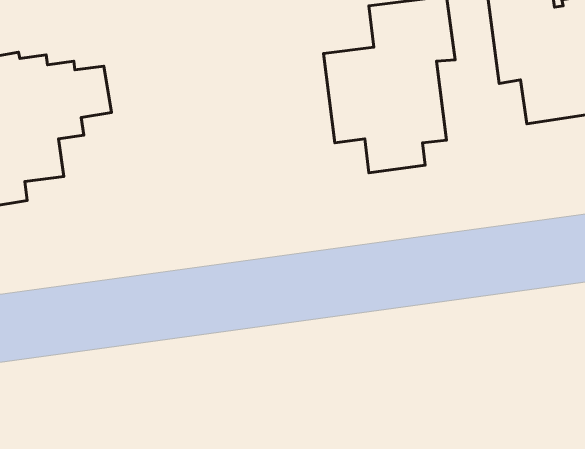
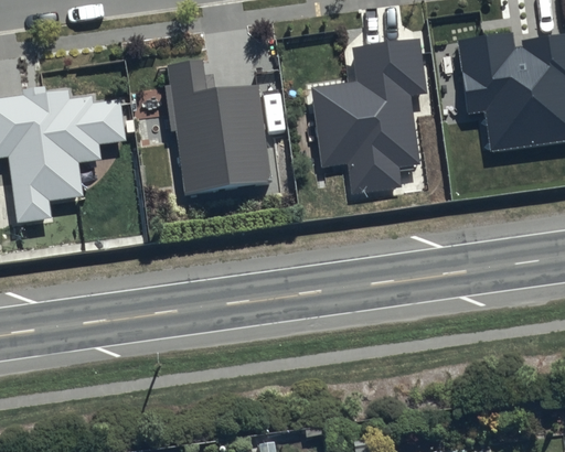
building: none -> [164,61,273,193]

